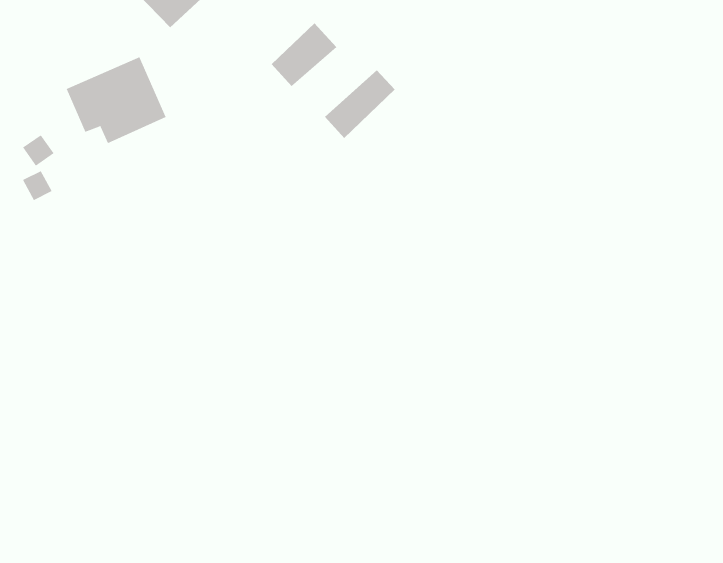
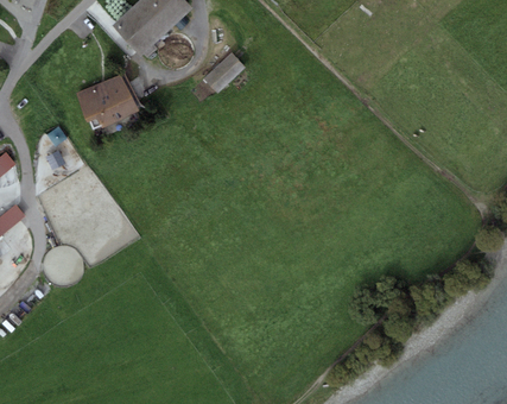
building: [324,70,395,139] -> none

